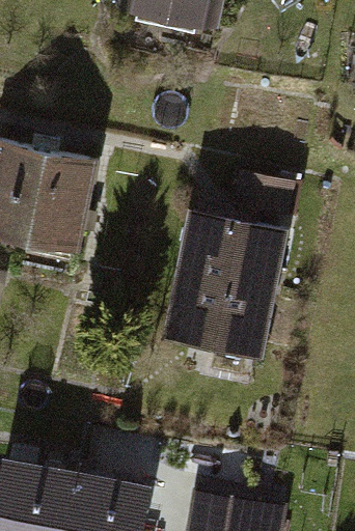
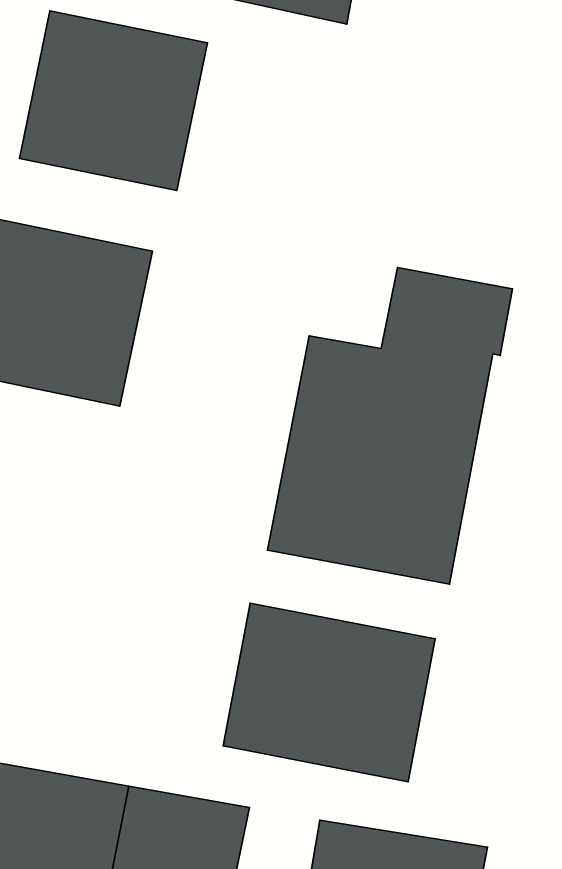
building: none -> [19,11,207,190]
building: none -> [223,603,435,782]

